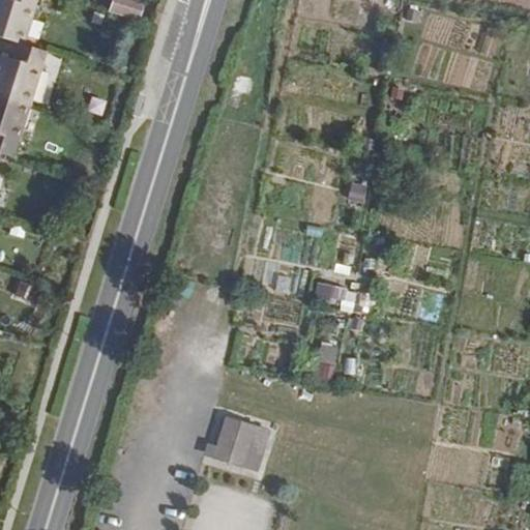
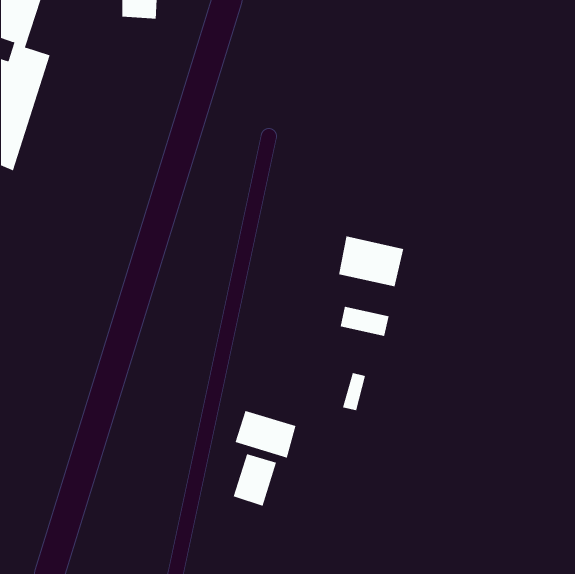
building: none -> [338,236,404,287]
building: none -> [235,410,296,459]

